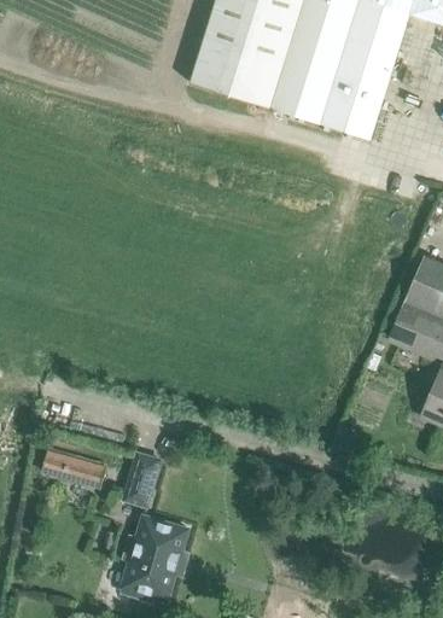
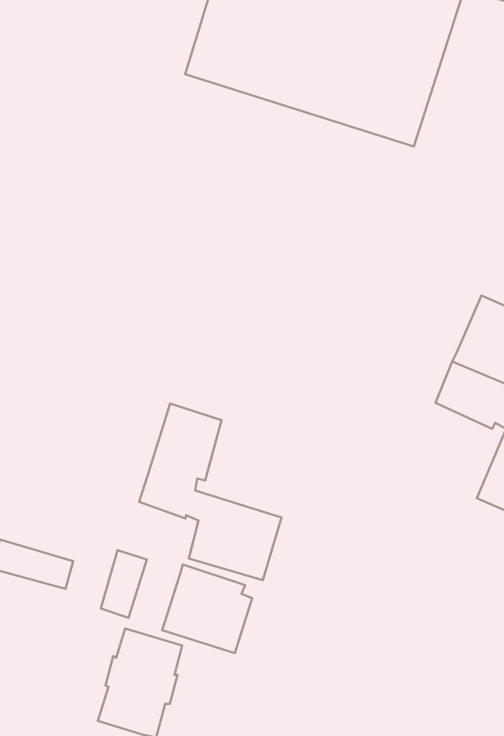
building: none -> [139,403,281,580]
building: none -> [162,564,252,653]

